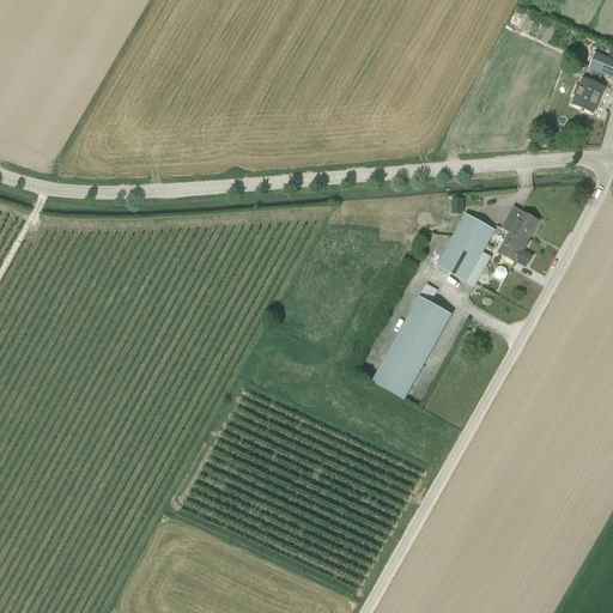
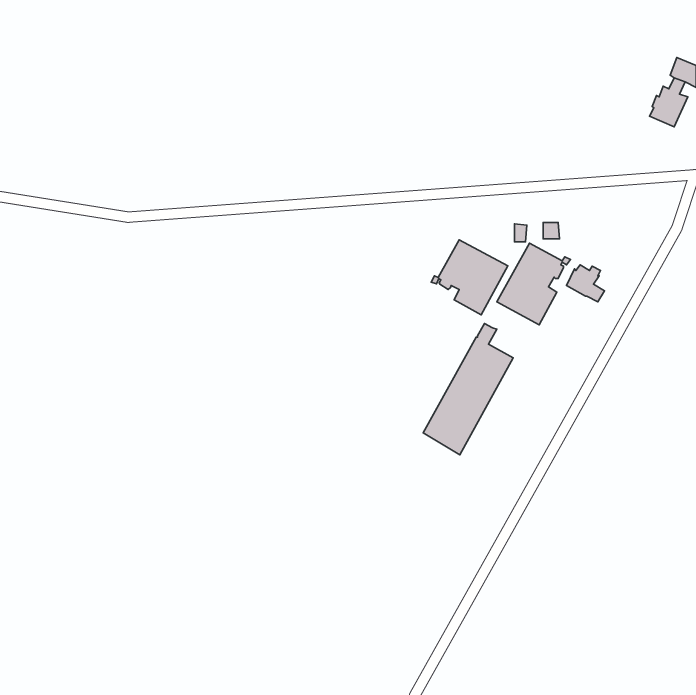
building: none -> [431,240,508,315]
building: [503,211,536,237] -> none

